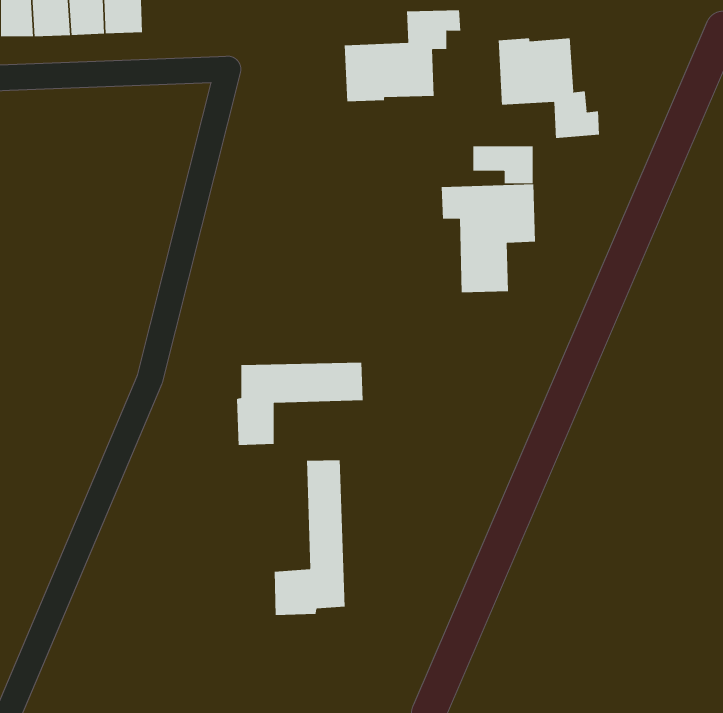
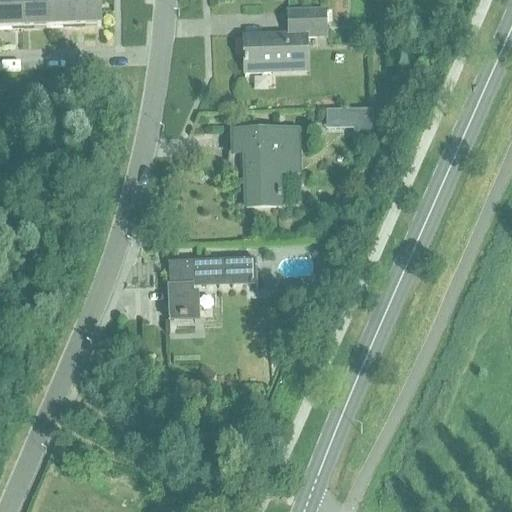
building: [498,38,600,139] -> none
building: [441,184,536,293] -> [233,126,300,203]
building: [274,459,345,616] -> none

